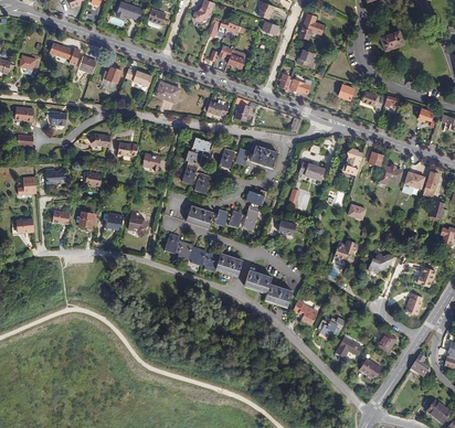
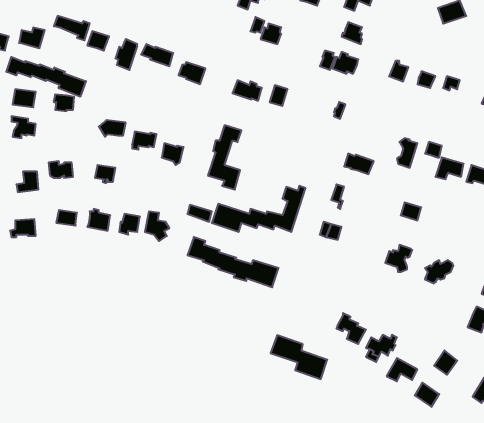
building: none -> [6,57,86,97]
building: [211,141,278,168] -> none
building: [244,269,293,307] -> [271,335,327,379]

